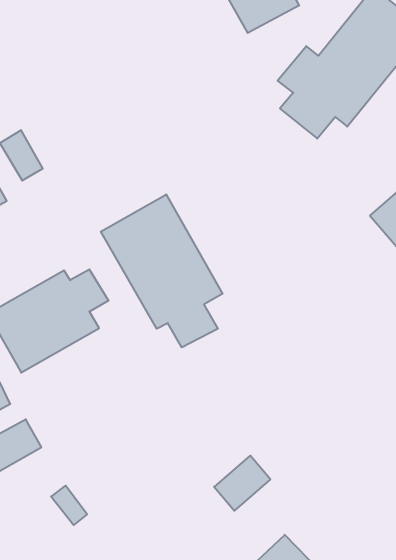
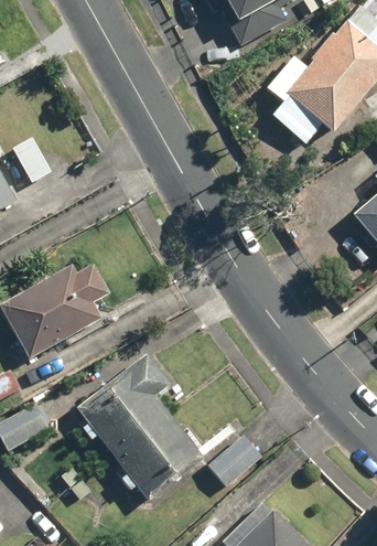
building: [101,194,223,347] -> none
building: none -> [77,352,204,499]

